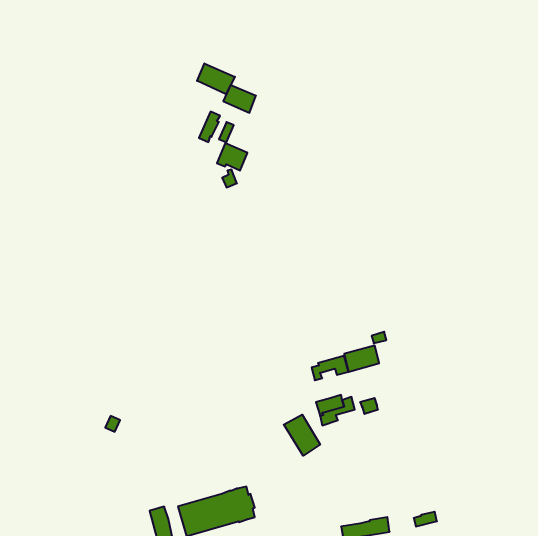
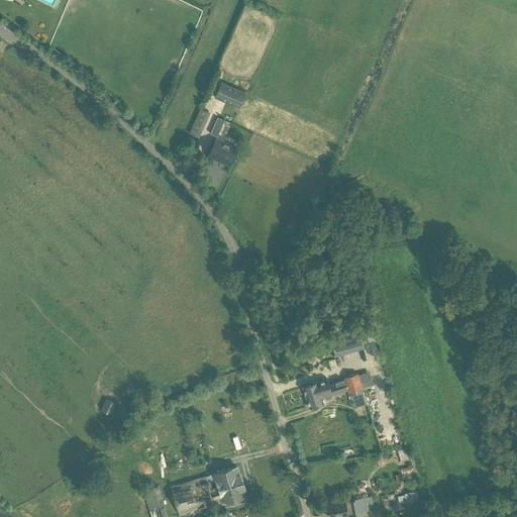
building: [197,63,235,94] -> none
building: [312,356,348,380] -> [337,372,373,395]
building: [284,415,320,456] -> none

